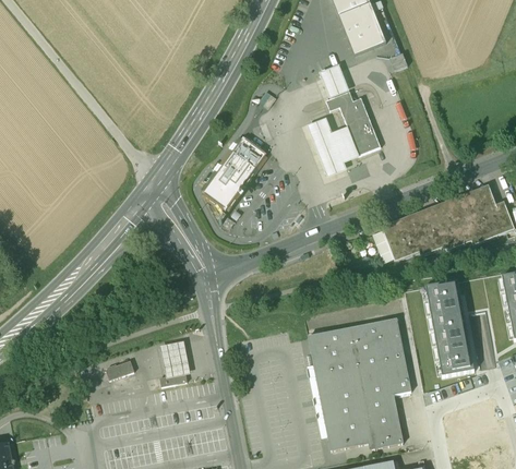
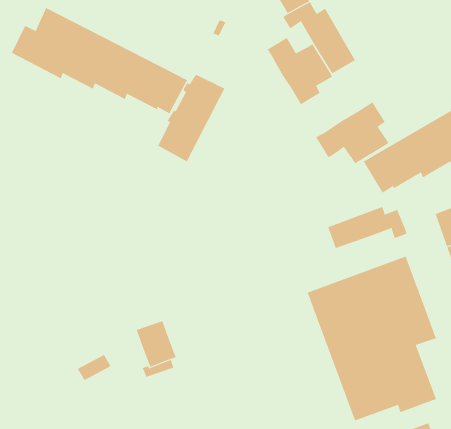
building: none -> [11,7,188,114]
building: none -> [315,101,389,164]
building: none -> [327,206,407,249]

